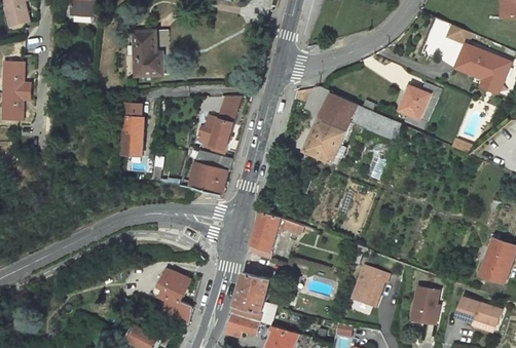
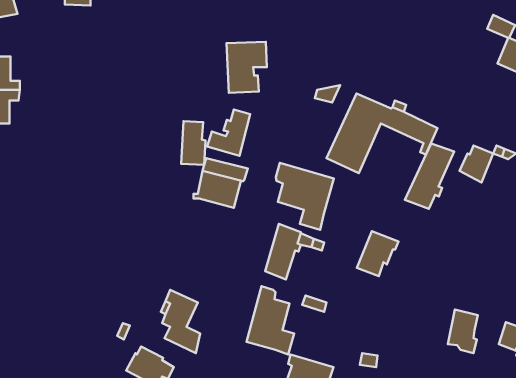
building: [133,31,169,76] -> [226,42,267,93]
building: [398,86,428,119] -> [459,145,493,182]
building: [119,116,141,155] -> [181,121,205,165]
building: none -> [405,143,454,209]
building: none -> [276,163,334,230]
building: [351,266,388,306] -> [357,231,399,276]
building: [225,313,258,338] -> none

